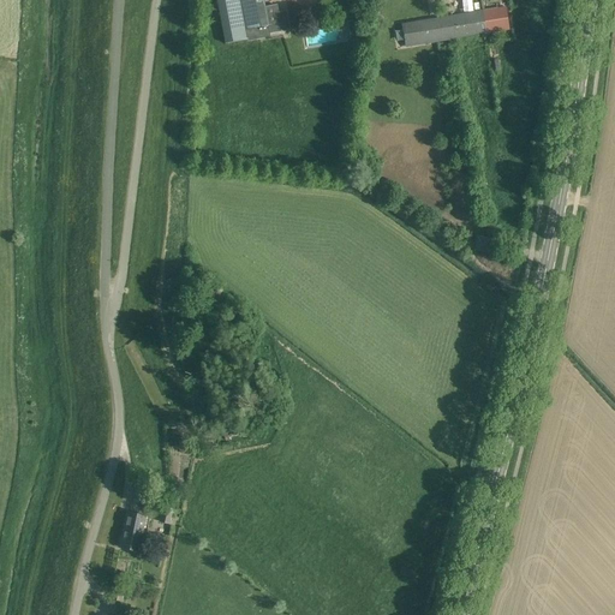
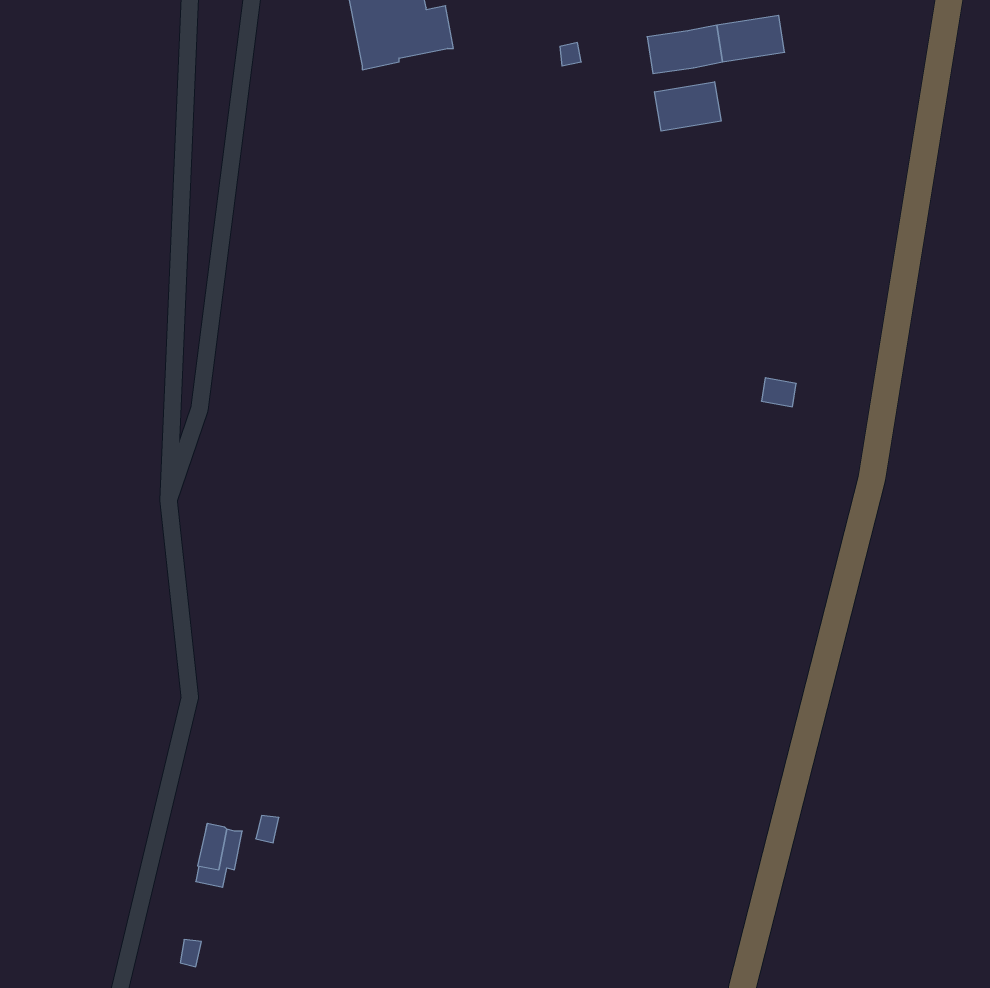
building: [483,6,508,32] -> none
building: none -> [655,82,721,131]

